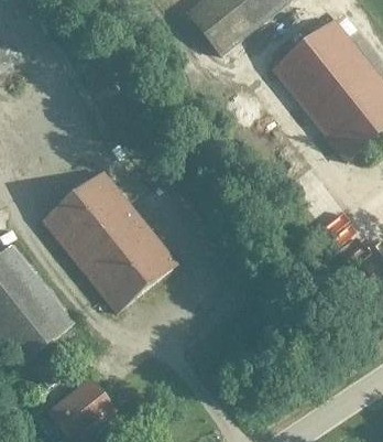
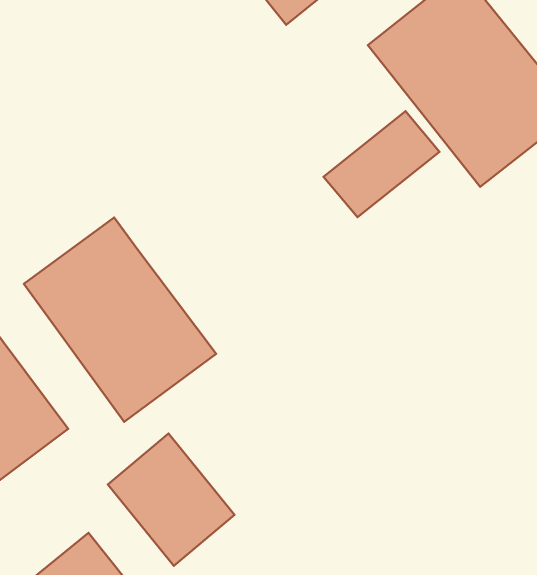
building: none -> [324,111,439,217]
building: none -> [108,434,235,566]

